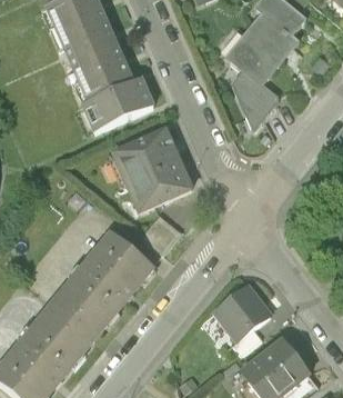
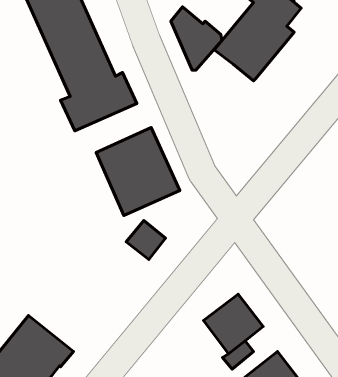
building: [231,69,279,128] -> [171,7,222,70]
building: [51,230,152,337] -> none

